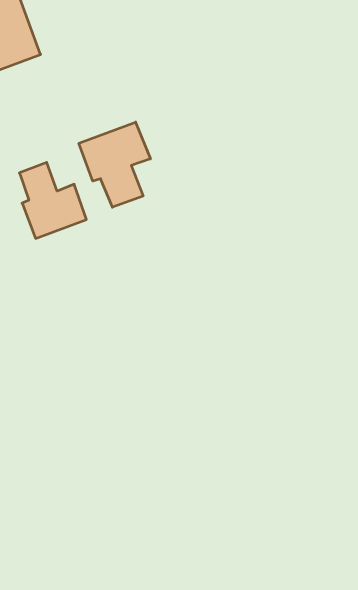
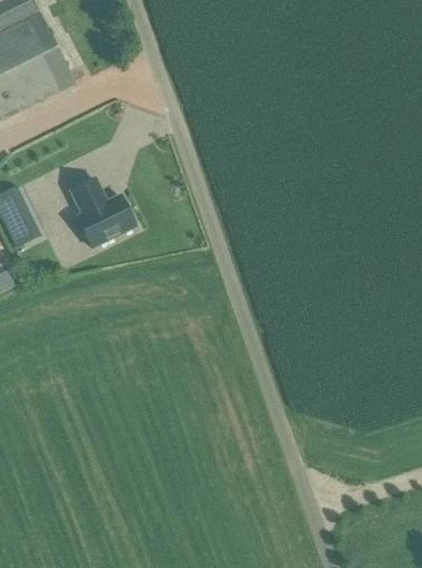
building: [79,122,150,207] -> none

